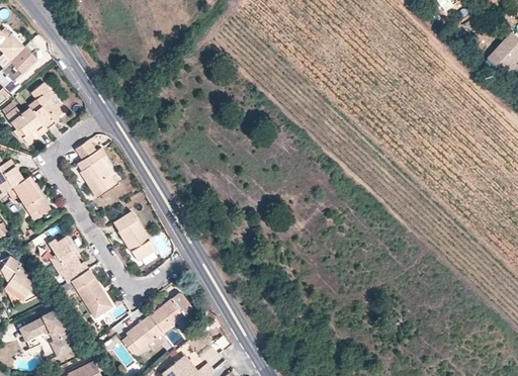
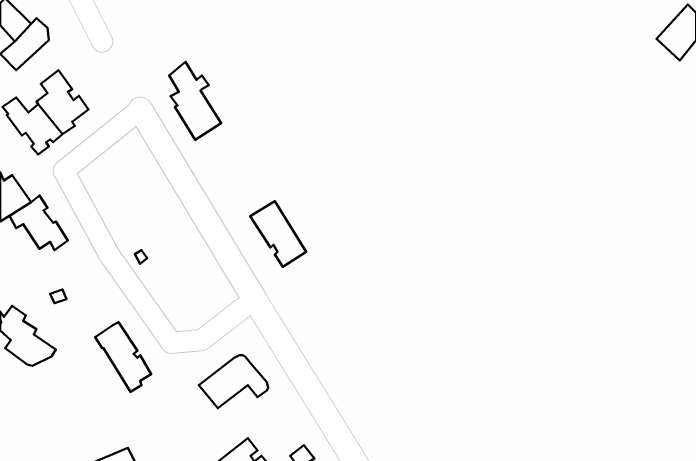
building: [76,138,114,196] -> [169,62,221,140]
building: [113,211,155,260] -> [250,201,306,267]
building: [48,236,84,283] -> none
building: [25,312,74,356] -> none
building: [120,315,162,355] -> none

